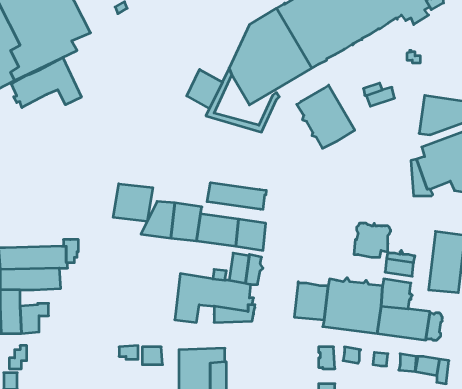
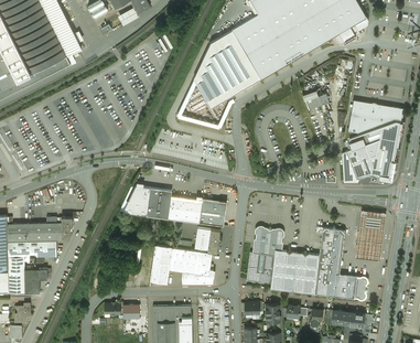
building: [11,57,81,108] -> none
building: [187,69,222,109] -> none
building: [297,85,355,148] -> none
building: [207,183,266,209] -> none
building: [113,184,153,221] -> none
building: [354,223,391,257] -> [254,227,283,255]

